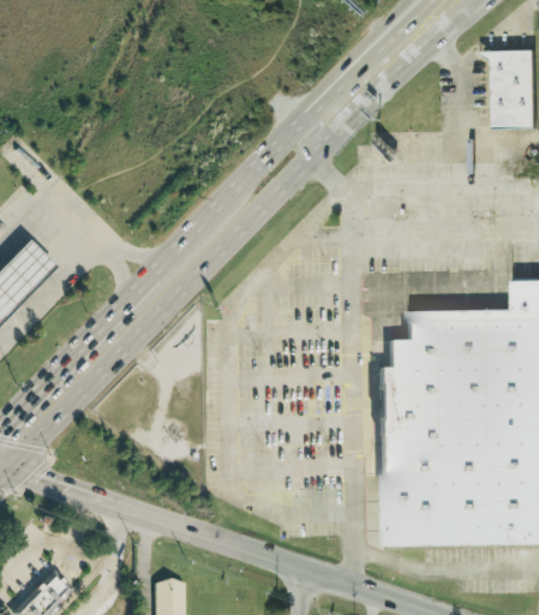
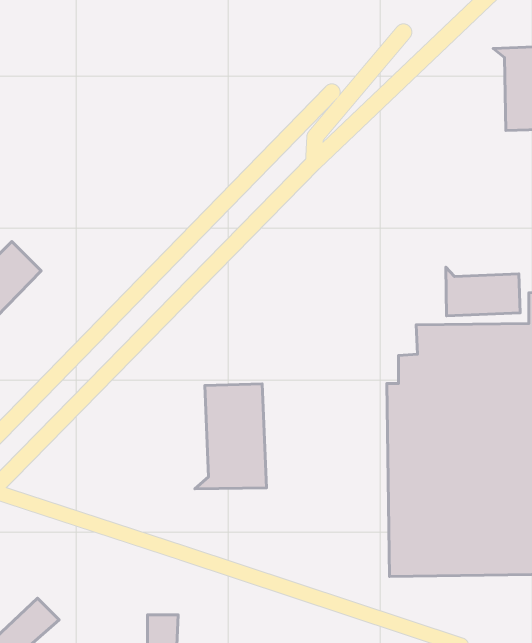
building: none -> [446,267,520,316]
building: none -> [195,384,267,489]

